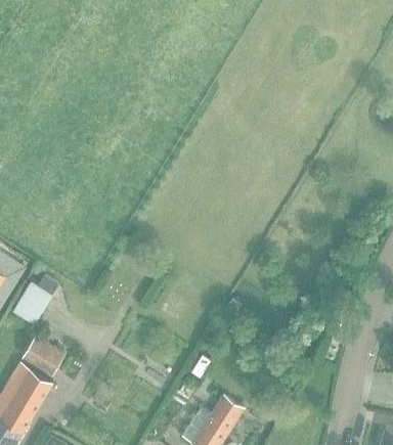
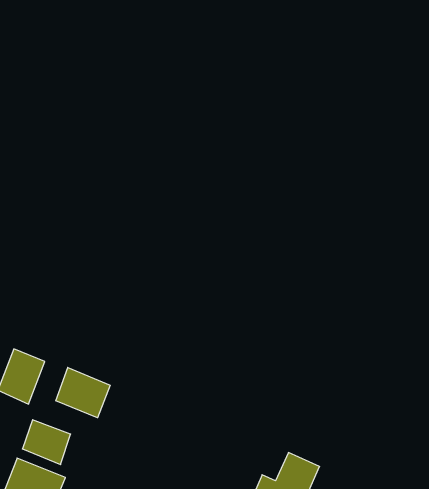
building: none -> [56,367,110,418]

